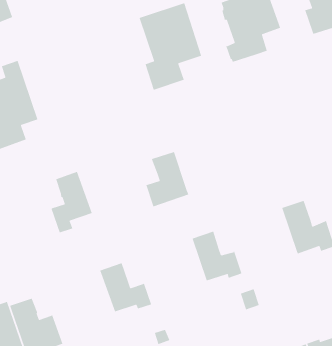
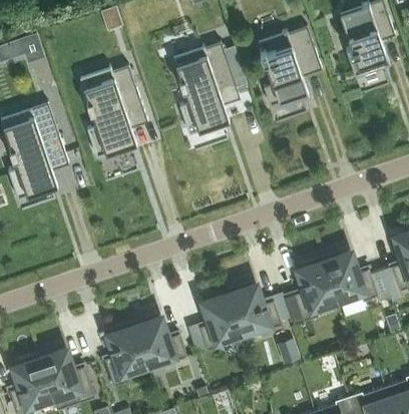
building: none -> [83,65,147,157]
building: [145,147,190,207] -> [199,288,246,351]
building: [50,171,93,234] -> [104,321,148,386]
building: none -> [285,256,338,325]

